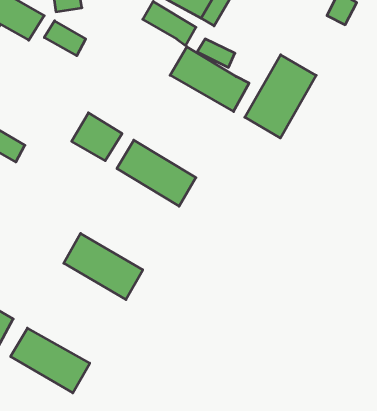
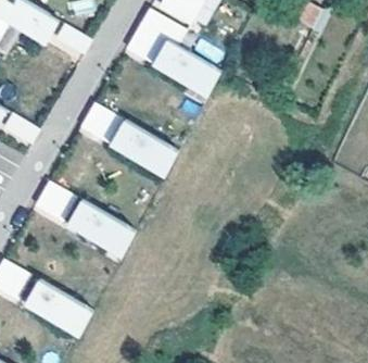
building: none -> [126,23,168,63]
building: [245,55,316,138] -> none
building: none -> [35,179,77,220]

